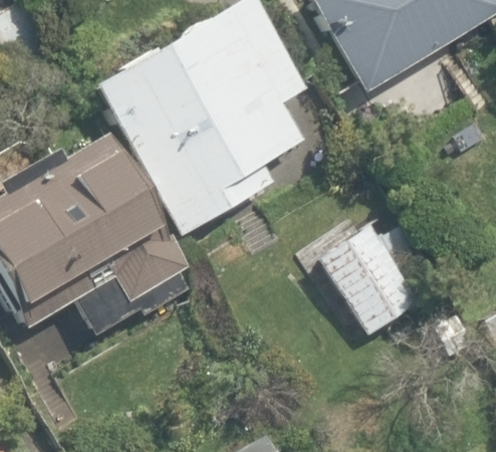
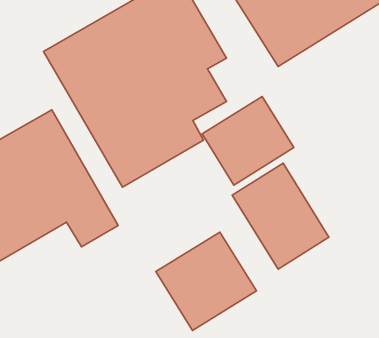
building: none -> [202,96,294,185]
building: none -> [156,232,256,330]

